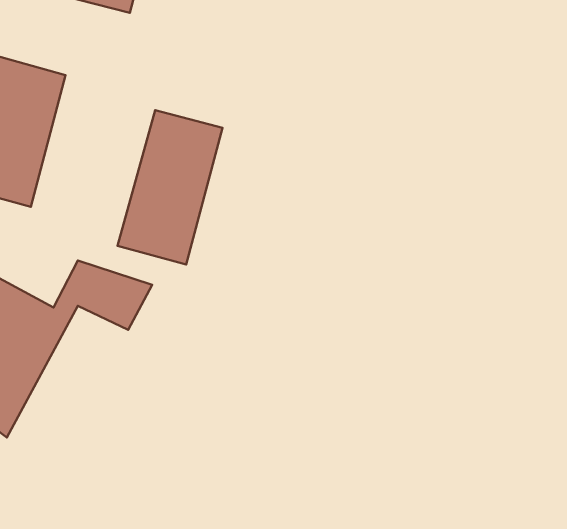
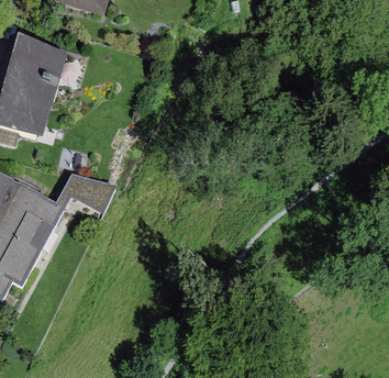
building: [118,110,222,264] -> none

